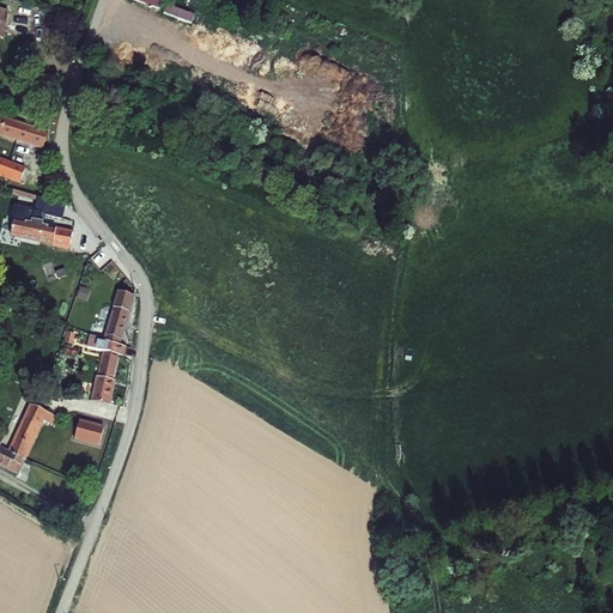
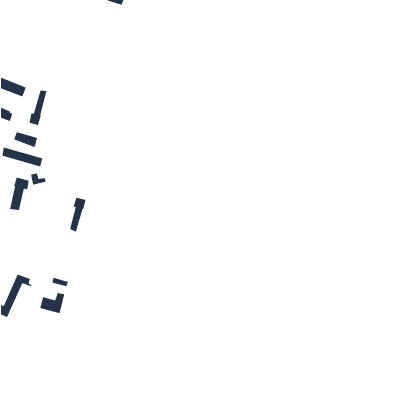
building: none -> [28,90,47,126]
building: none -> [9,176,29,211]
building: [90,344,117,405] -> none

